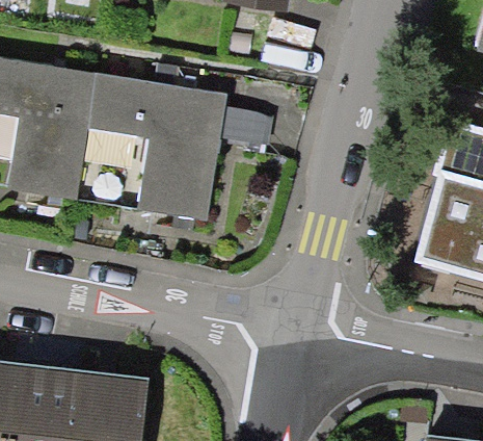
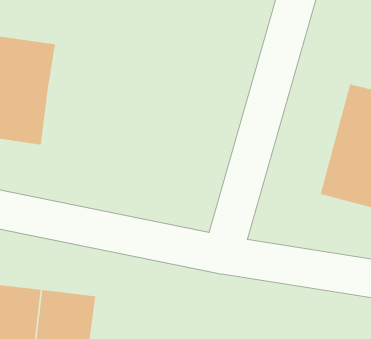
building: [84,75,225,218] -> none

